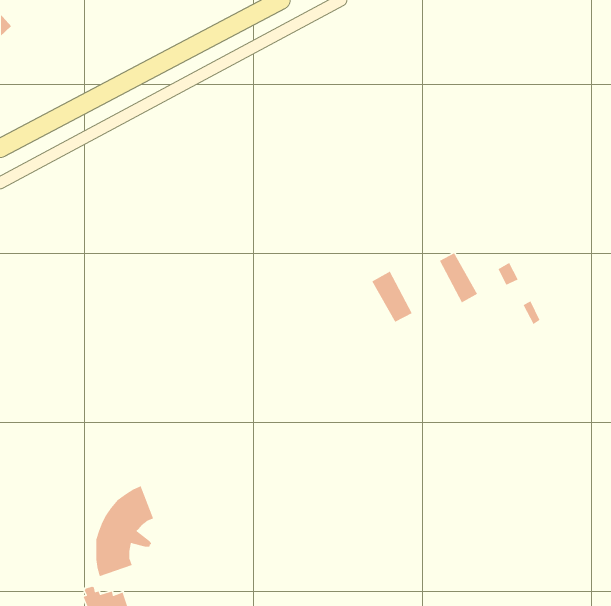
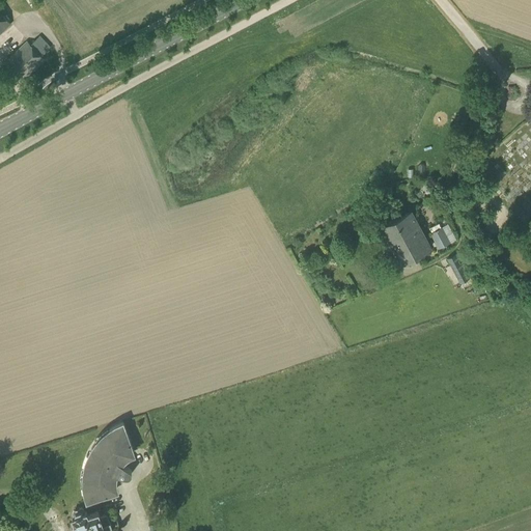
building: none -> [4,40,50,85]
building: [371,270,413,323] -> [394,214,430,259]

